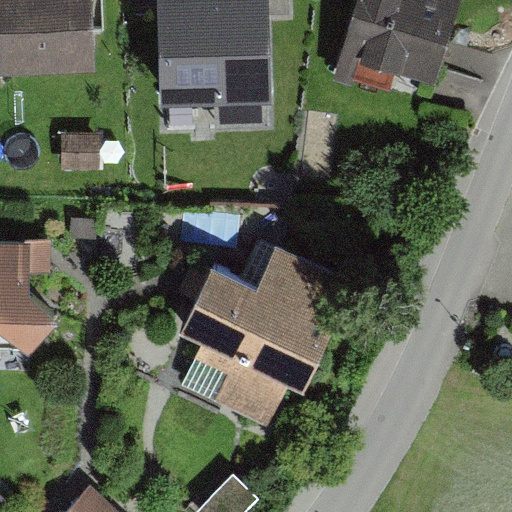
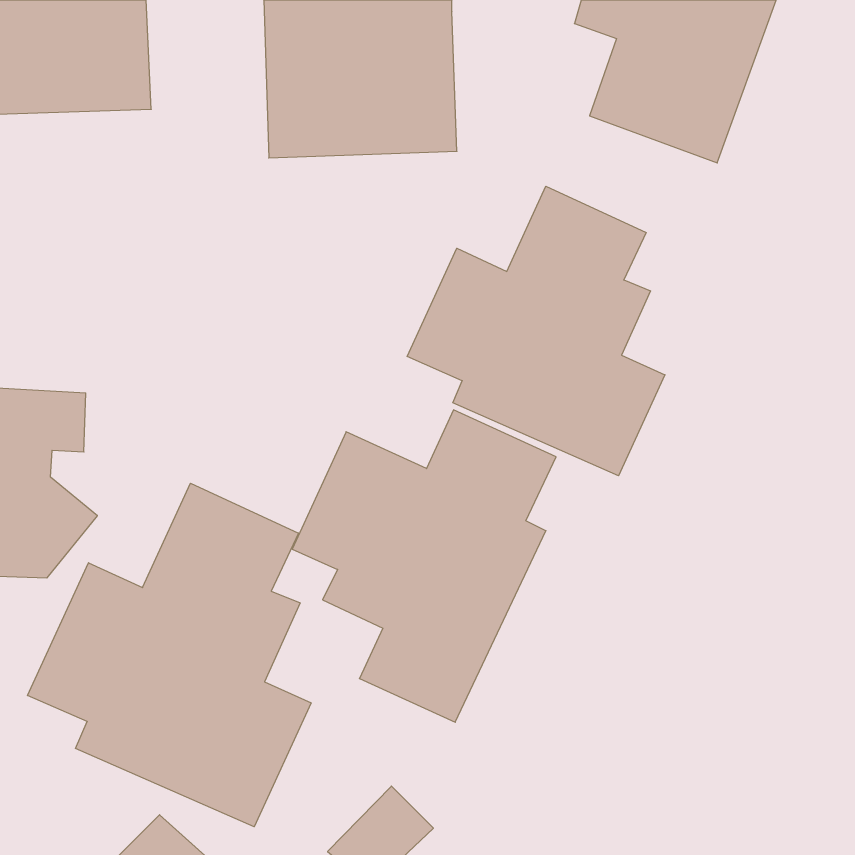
building: none -> [407,186,665,476]
building: none -> [28,483,311,827]

